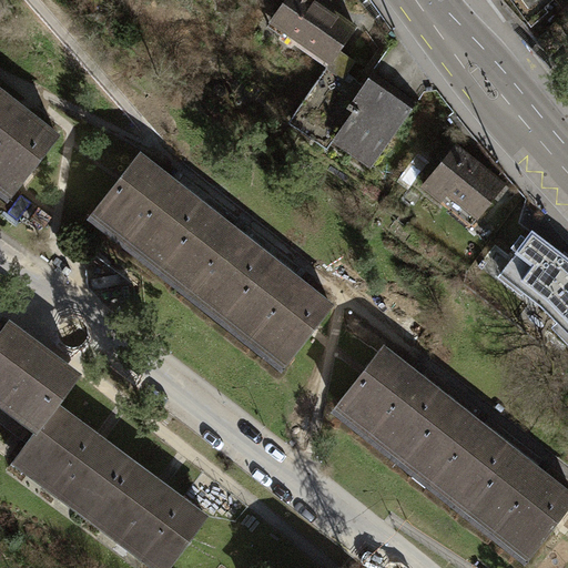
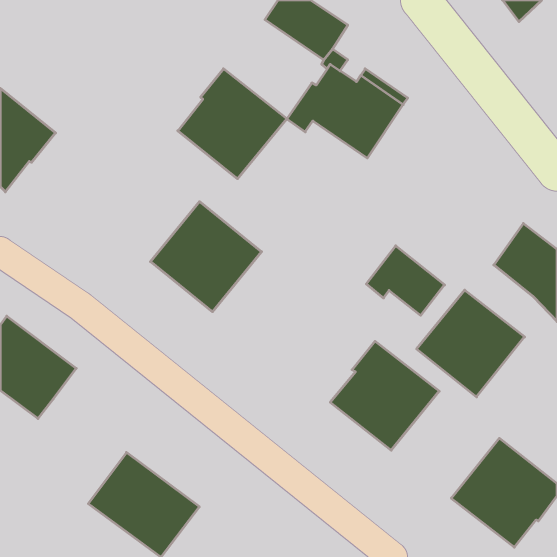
building: [424,146,504,217] -> [366,246,445,315]
building: [92,154,203,266] -> [178,69,287,179]
building: [216,256,328,366] -> none
building: [398,398,508,507] -> [417,290,525,397]
building: [16,406,129,513] -> none

